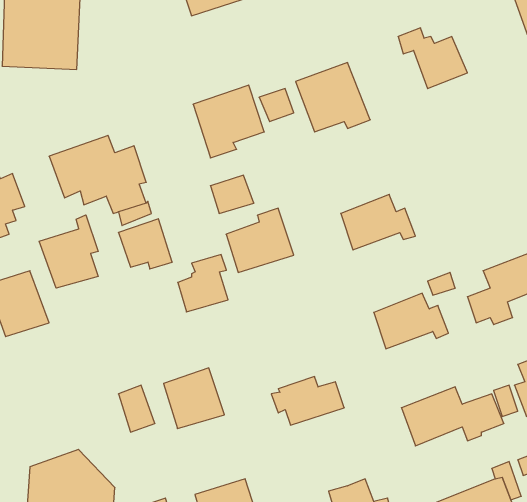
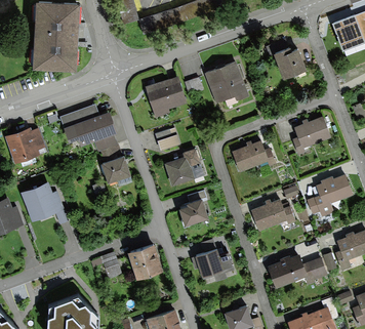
building: none -> [292,115,331,155]
building: [39,215,98,288] -> none
building: [178,255,228,312] -> [178,191,208,224]

